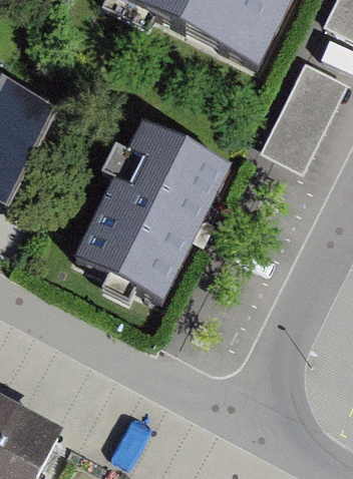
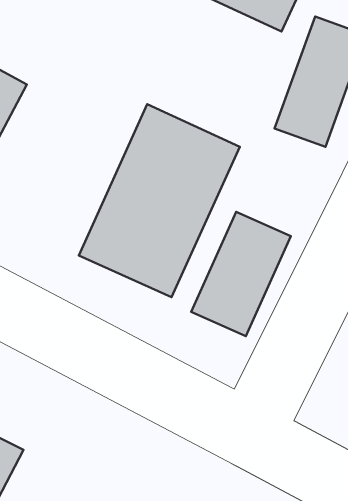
building: none -> [191,212,291,336]

